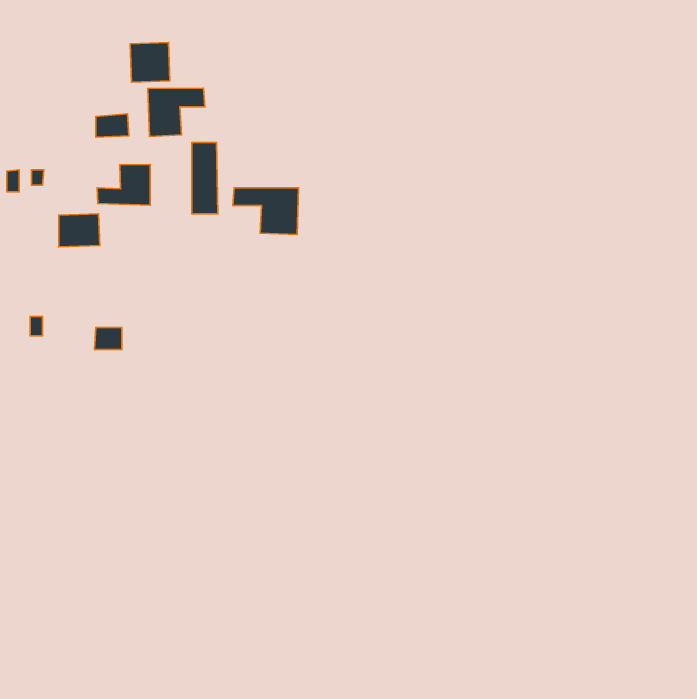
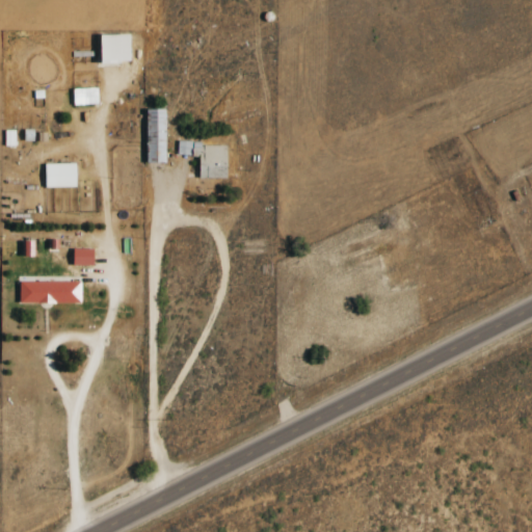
building: [148,88,205,136] -> none
building: [97,164,150,205] -> none
building: none -> [20,281,82,302]

